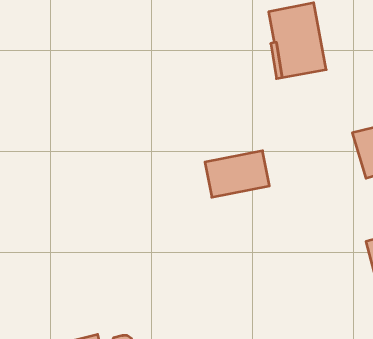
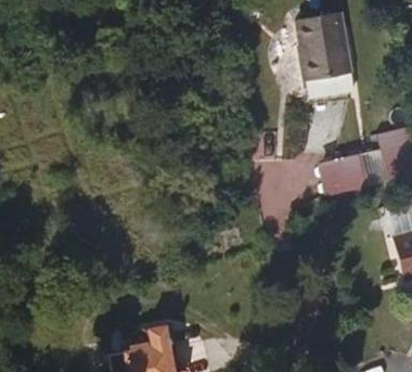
building: [205,151,269,197] -> [326,149,388,193]

